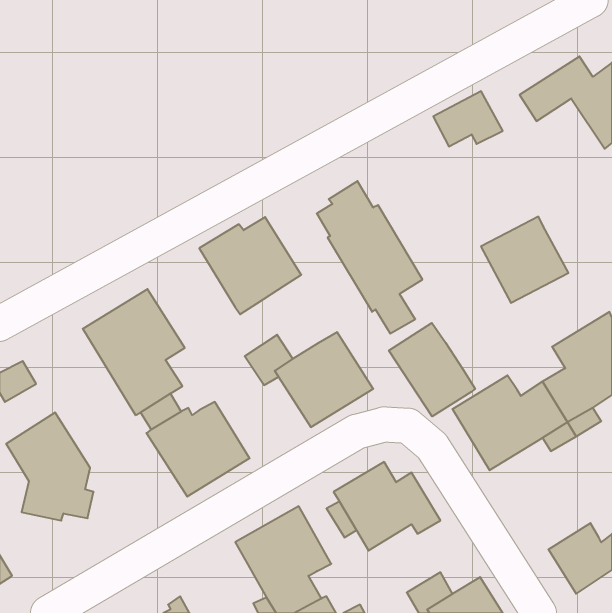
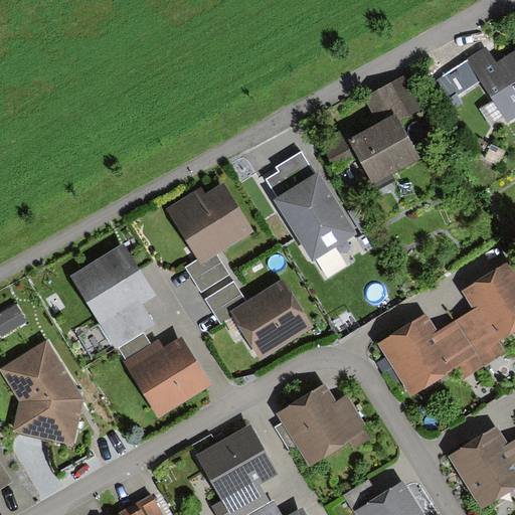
building: [481,217,568,303] -> [347,113,420,185]
building: none -> [185,254,228,293]
building: [389,323,475,416] -> none

